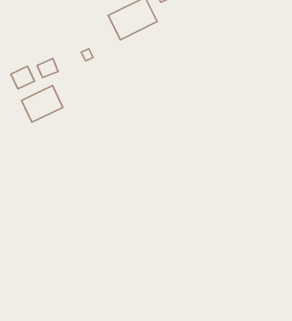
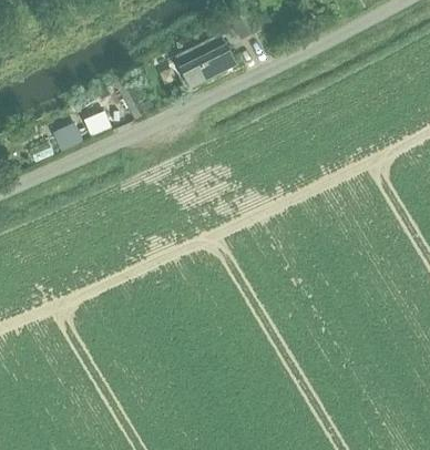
building: [21,86,63,122] -> none

